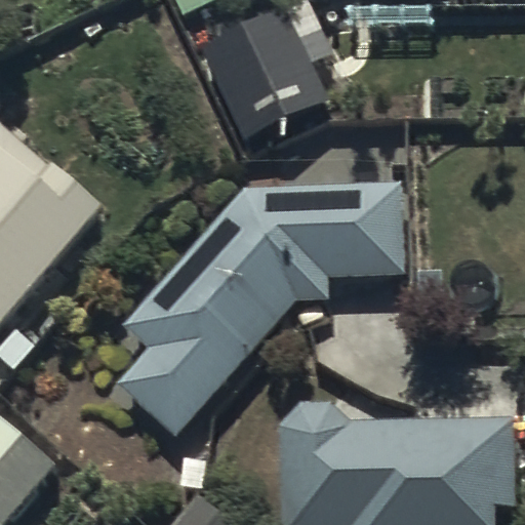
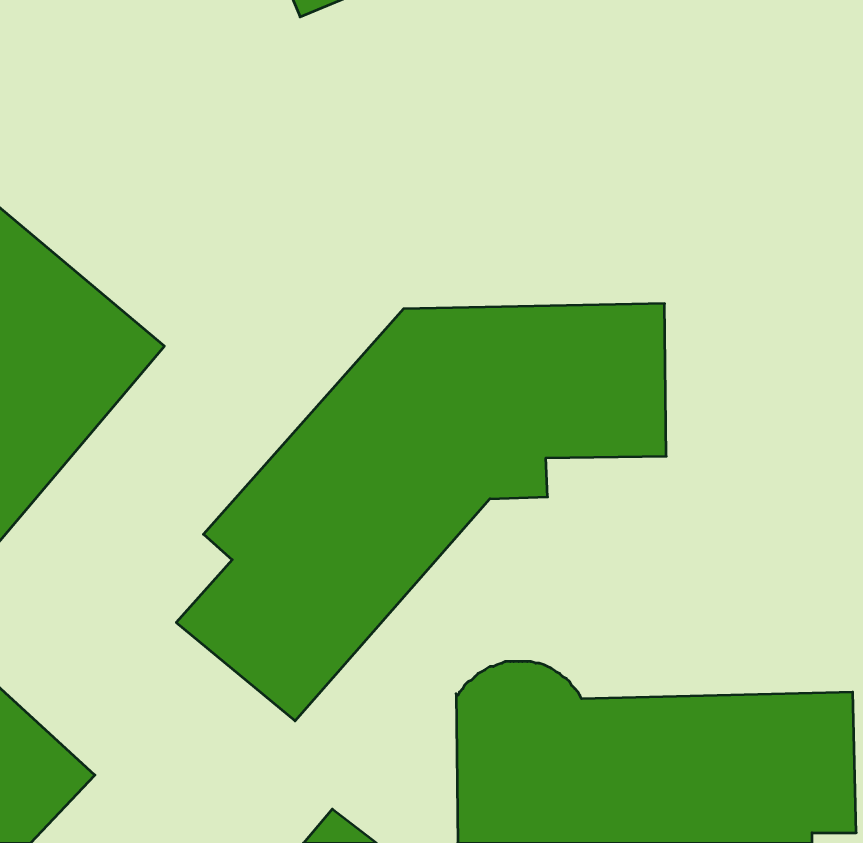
building: [203,9,329,142] -> none

